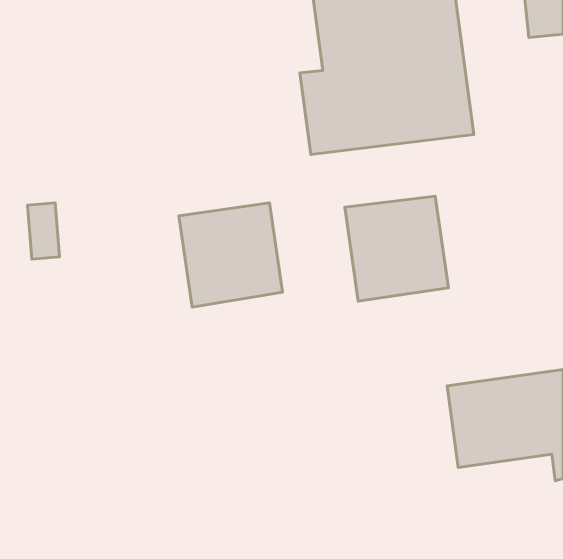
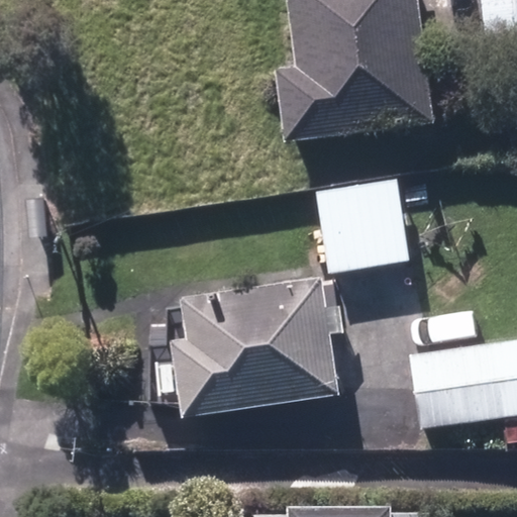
building: [179,203,283,307] -> none
building: none -> [171,276,343,416]

